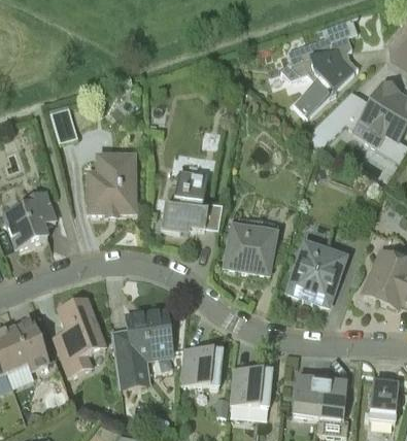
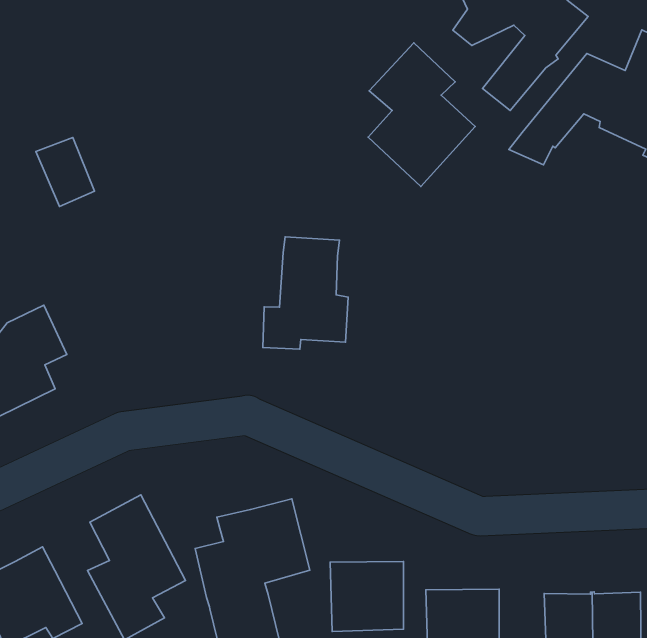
building: none -> [368,43,475,186]
building: [88,156,135,216] -> none
building: [223,218,279,275] -> none
building: [287,243,345,305] -> none

